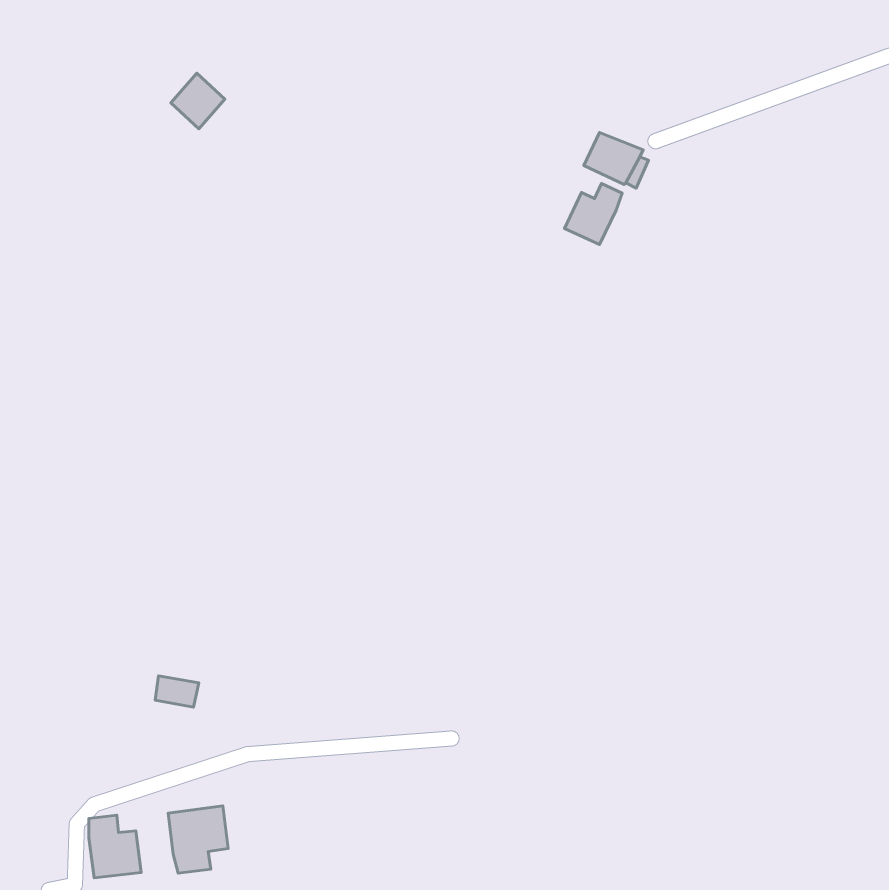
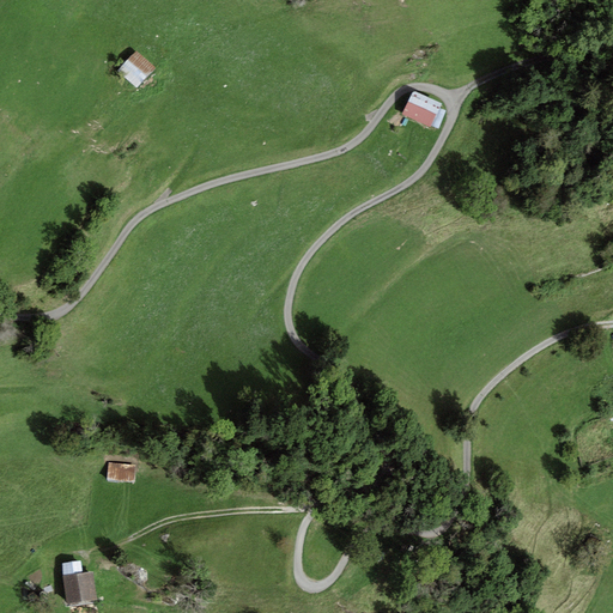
building: [564,183,622,244] -> none
building: [168,806,228,873] -> none

